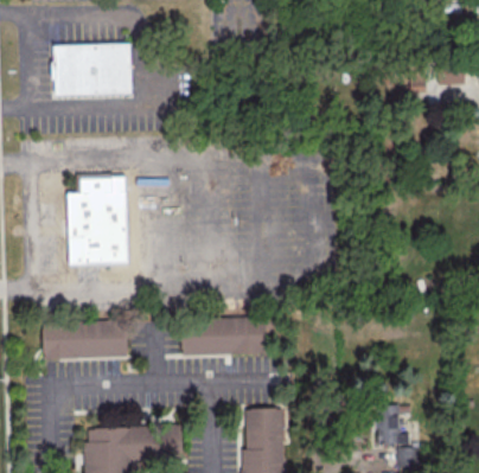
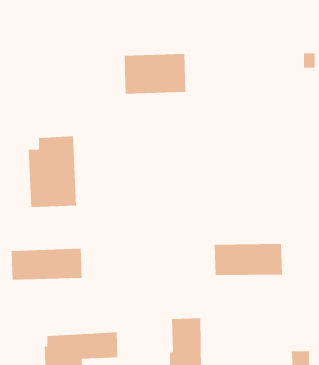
building: [52,46,130,97] -> [124,54,186,94]
building: [183,315,269,356] -> [214,244,283,276]
building: [376,404,410,443] -> none

